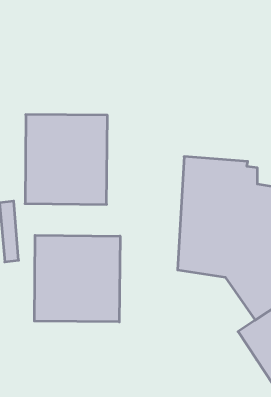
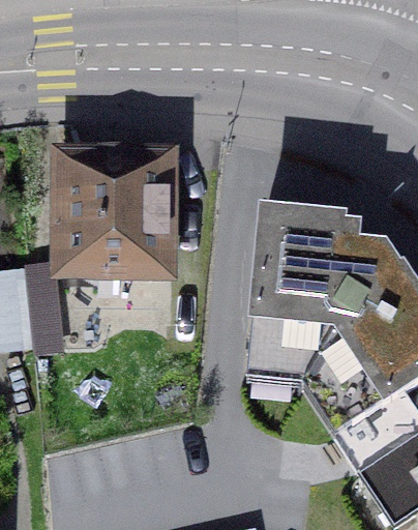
building: [34,235,120,322] -> none

